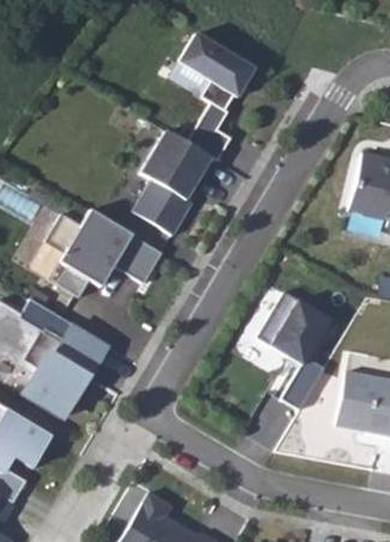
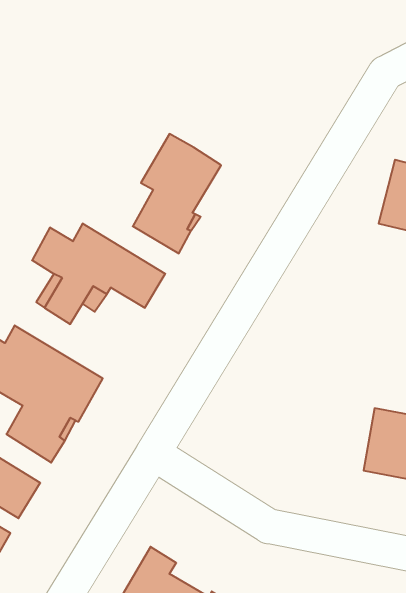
building: [180,33,254,162] -> none
building: [257,291,332,410] -> none

